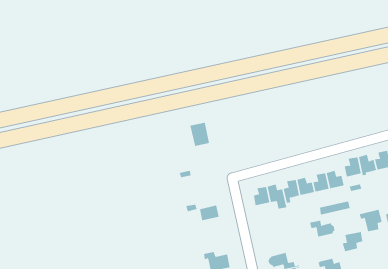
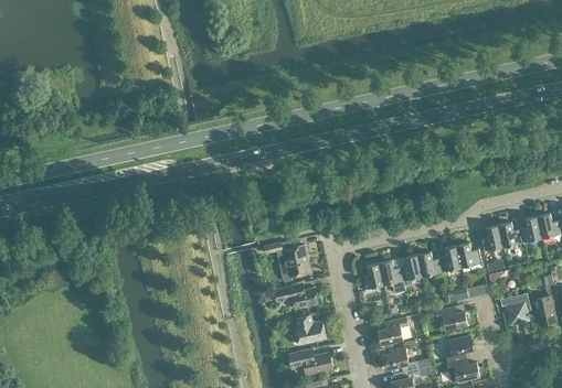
building: [189,122,210,147] -> [284,245,310,277]
building: none -> [296,314,326,345]
building: none -> [379,317,407,344]
building: [342,231,363,252] -> [445,335,473,362]

